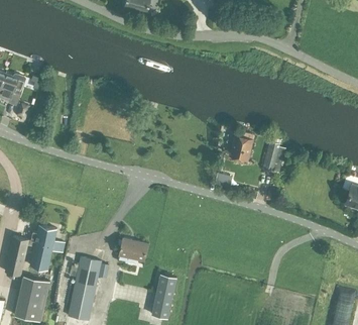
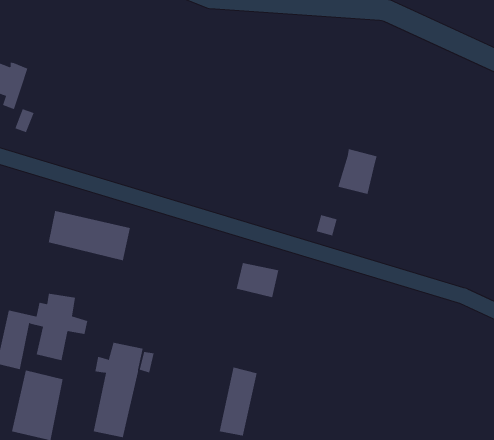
building: [262,142,284,173] -> none
building: none -> [48,210,131,261]
building: [119,238,147,261] -> [236,263,279,298]

